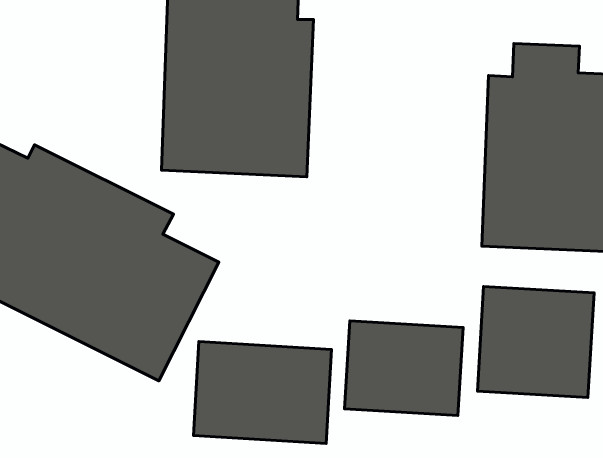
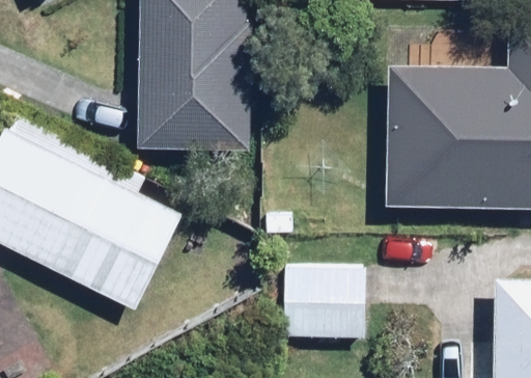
building: [478,286,594,398] -> none
building: [193,342,331,443] -> none

